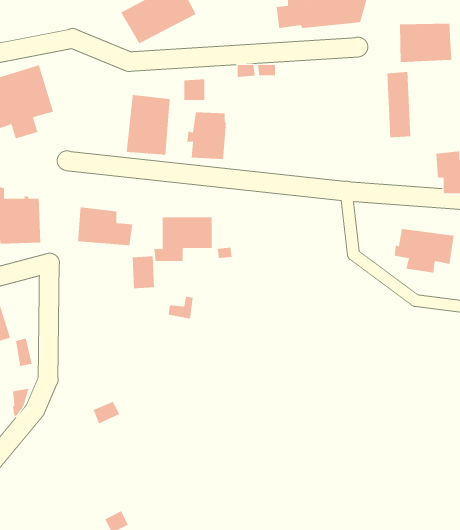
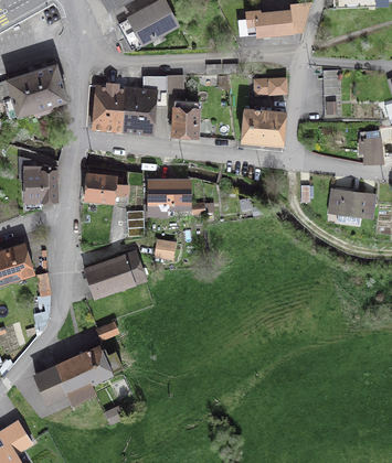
building: [400,23,452,63] -> none
building: none -> [253,78,286,95]
building: none -> [92,84,126,131]
building: none -> [241,109,285,144]
building: none -> [83,251,145,298]
building: none -> [34,346,121,405]

